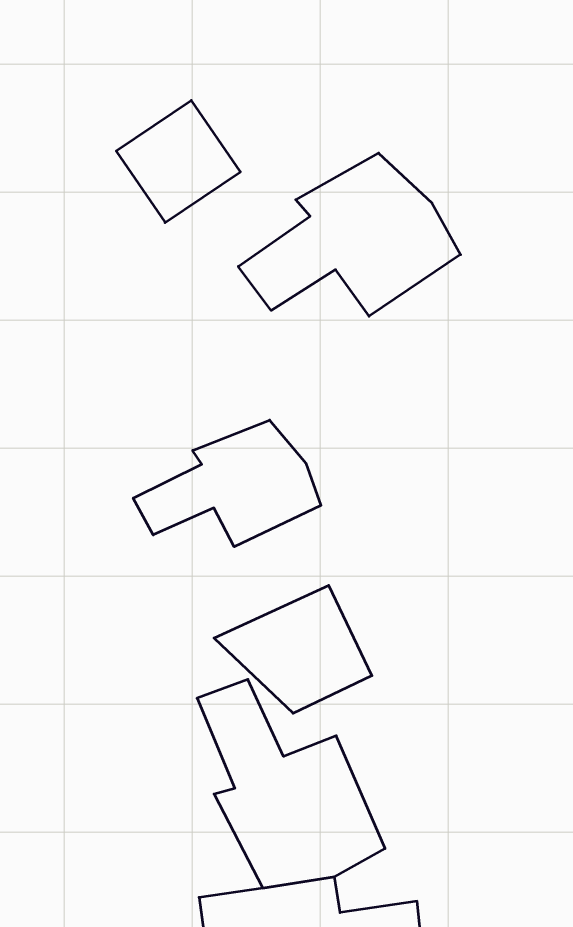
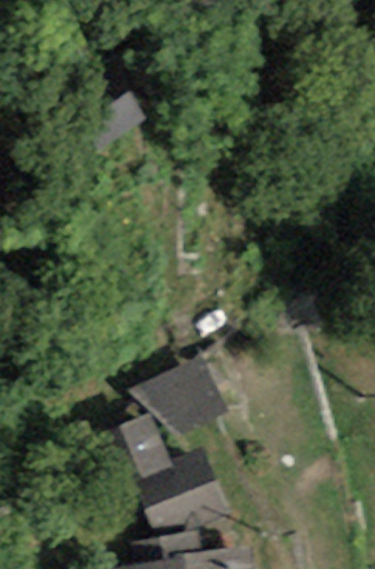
building: [238,153,461,316] -> none
building: [133,420,321,547] -> none

